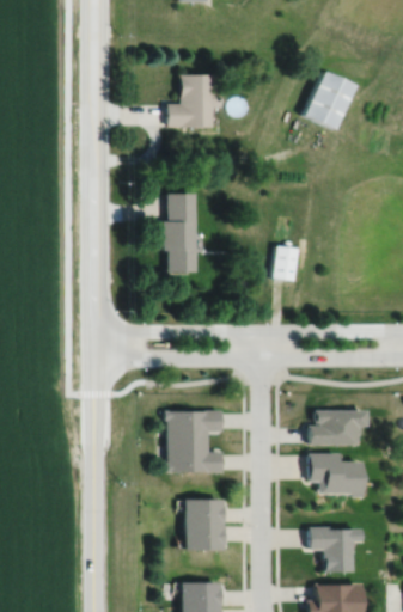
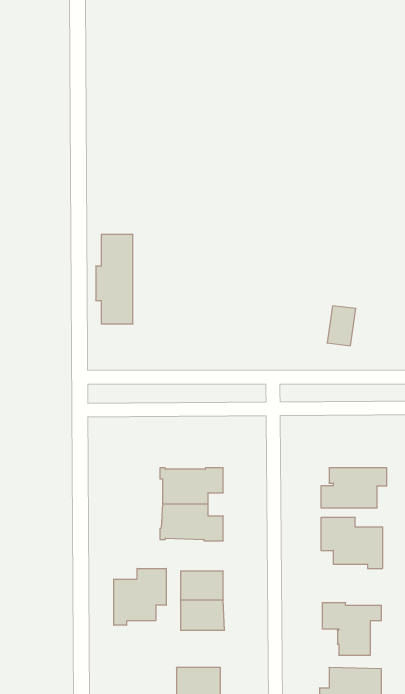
building: [306,69,356,128] -> none
building: [169,73,220,126] -> none
building: [161,192,194,270] -> [96,234,133,324]
building: [274,245,299,280] -> [327,306,356,346]
building: none -> [114,568,166,625]

